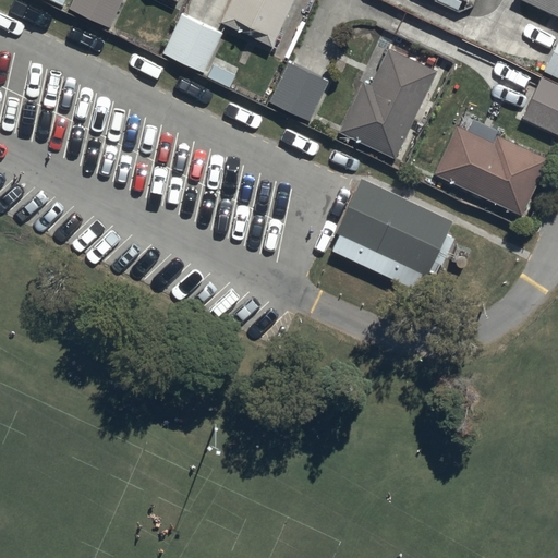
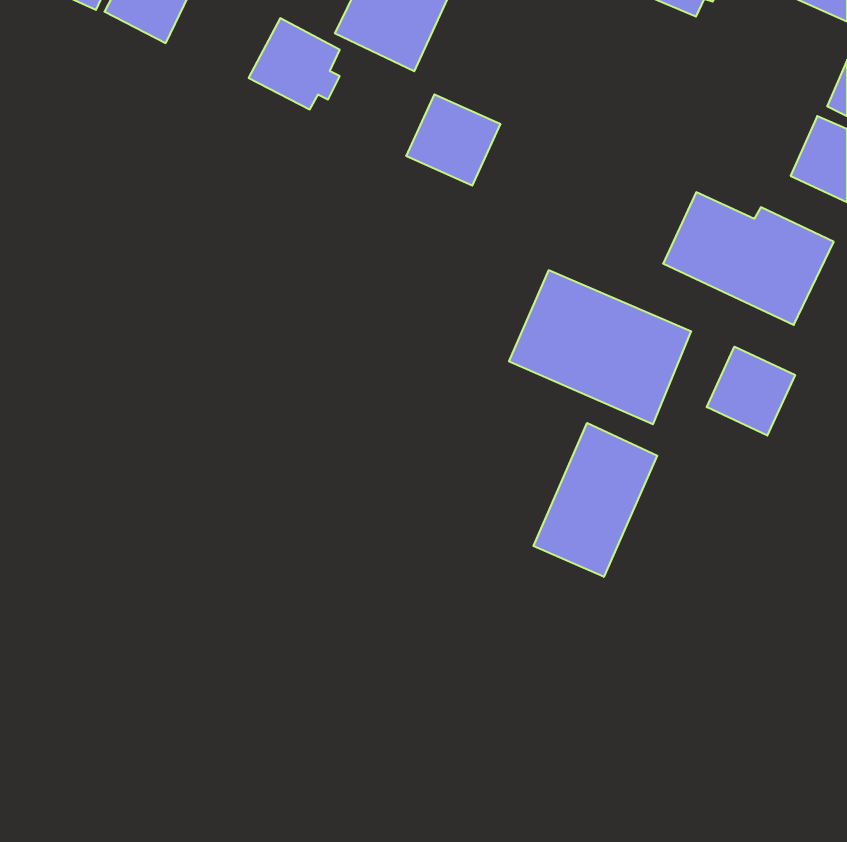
building: [338,48,437,159] -> none
building: none -> [707,347,795,436]
building: none -> [533,423,657,577]

